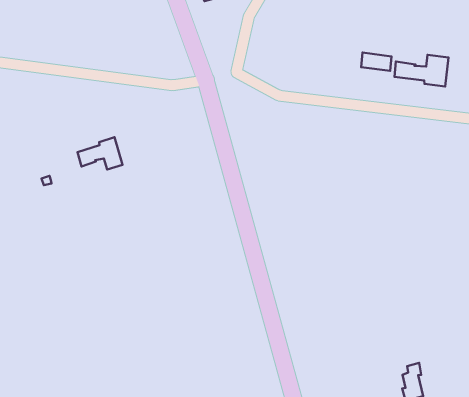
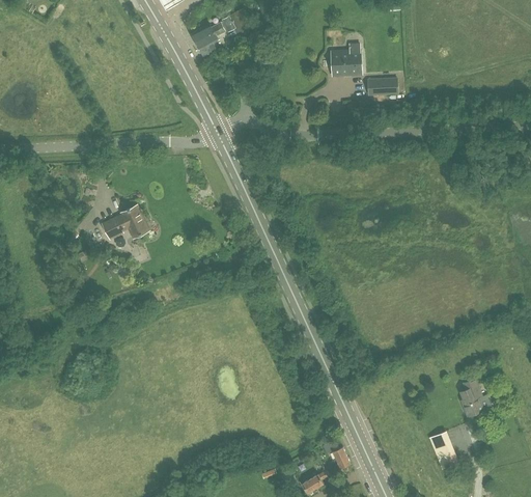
building: none -> [331,49,361,75]
building: [394,55,448,87] -> none

